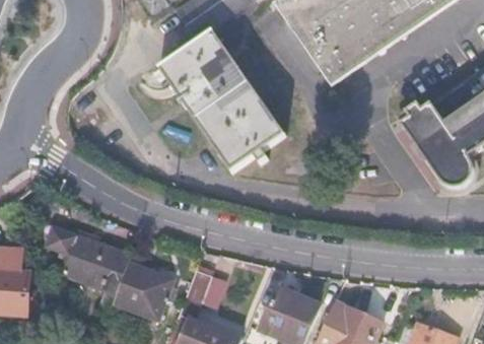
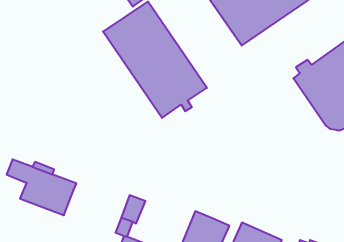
building: [112,261,172,320] -> none

